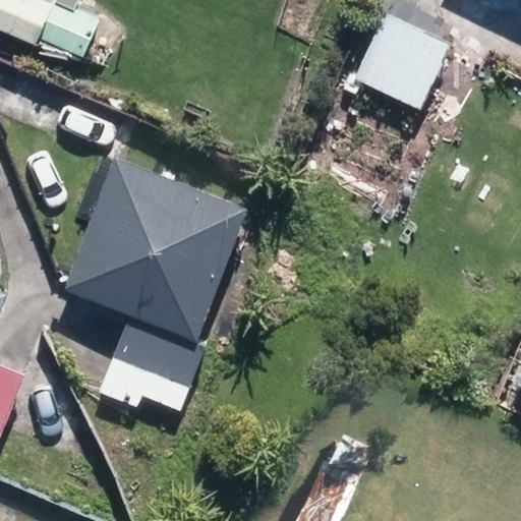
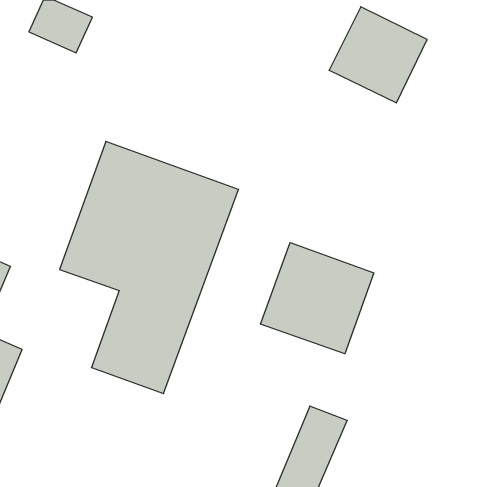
building: none -> [261,243,374,354]

